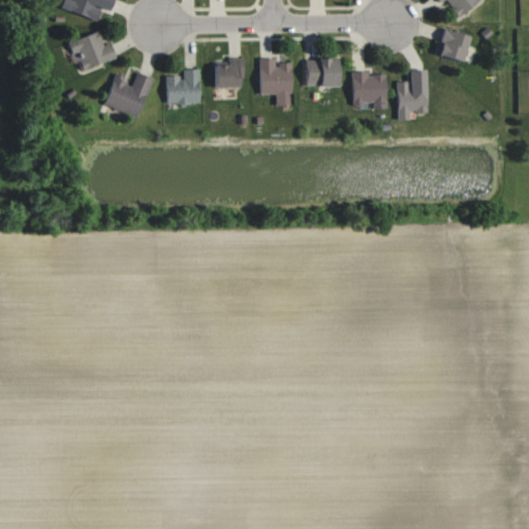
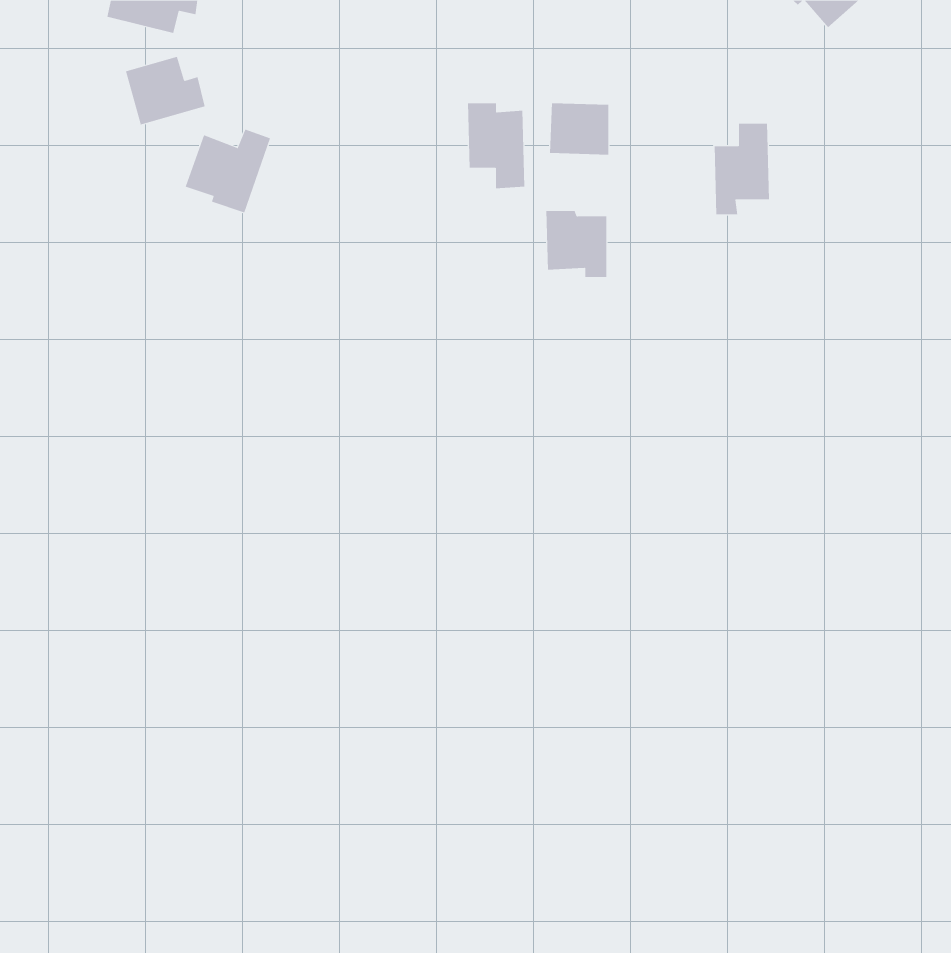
building: [436,28,470,62] -> none
building: [215,58,243,88] -> none
building: [166,69,200,104] -> none
building: [352,71,386,108] -> [545,210,607,278]

